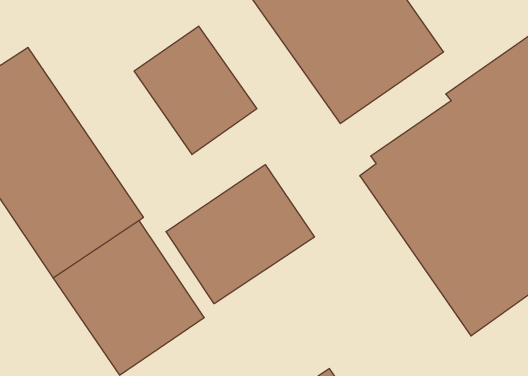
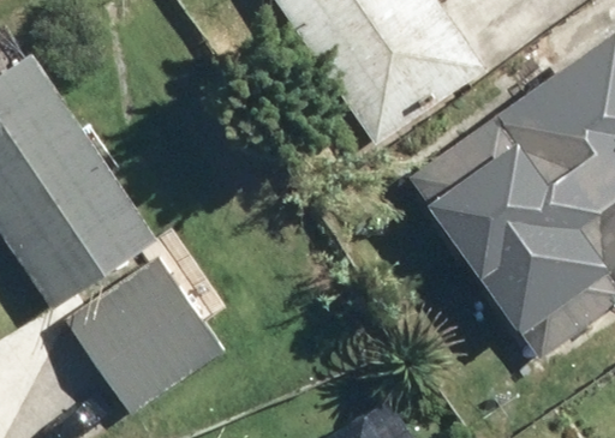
building: [134,26,257,155] -> none
building: [166,165,314,304] -> none

